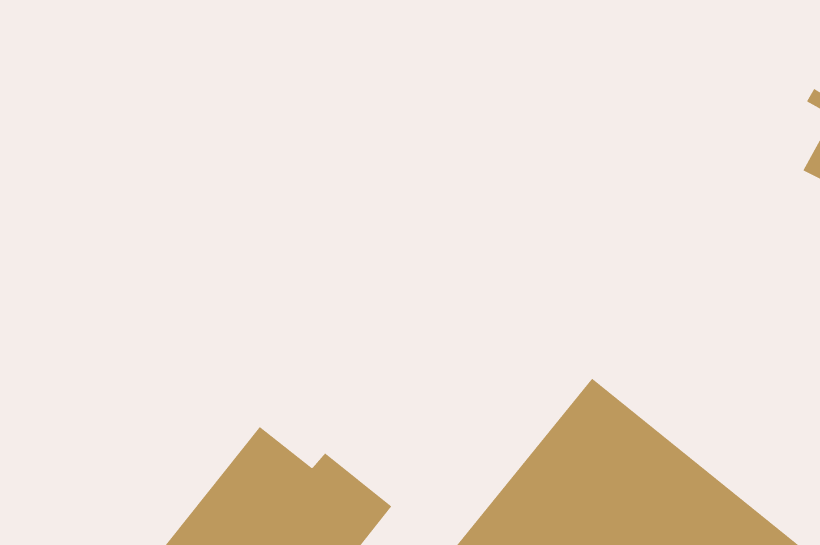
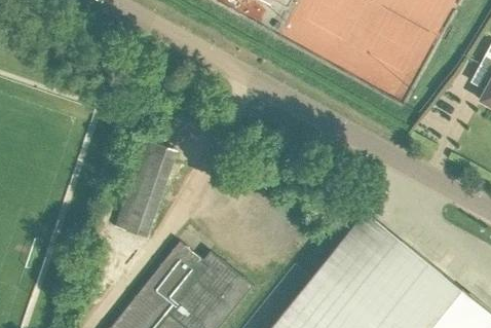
building: none -> [118,141,180,240]

